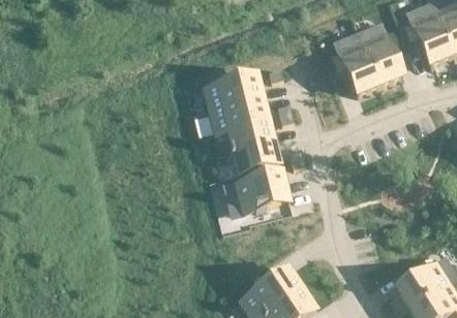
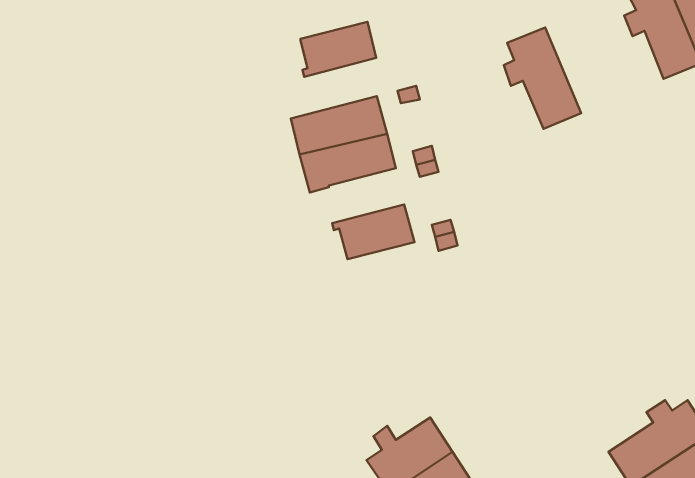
building: [355,24,399,86] -> none
building: [224,119,270,152] -> [301,22,376,77]
building: [220,171,286,214] -> none

